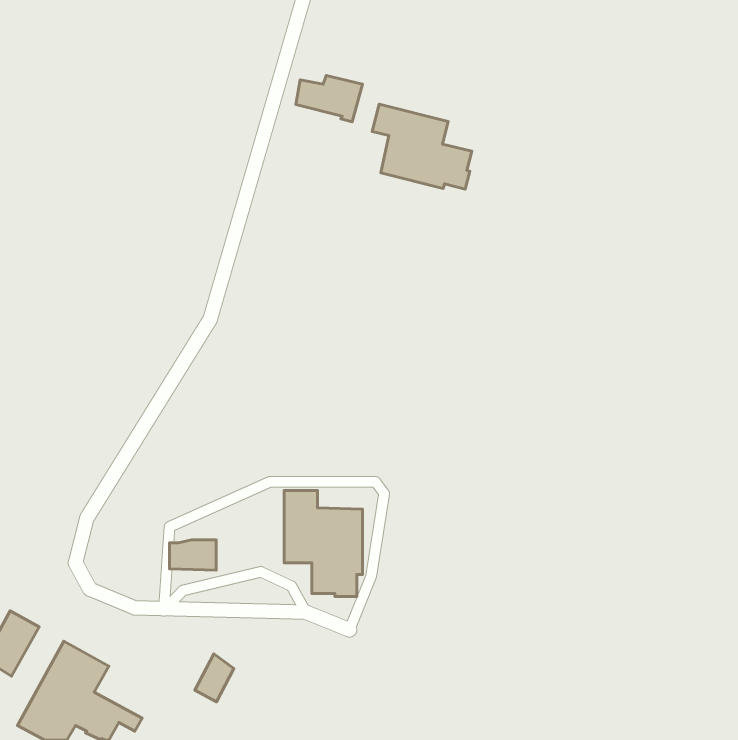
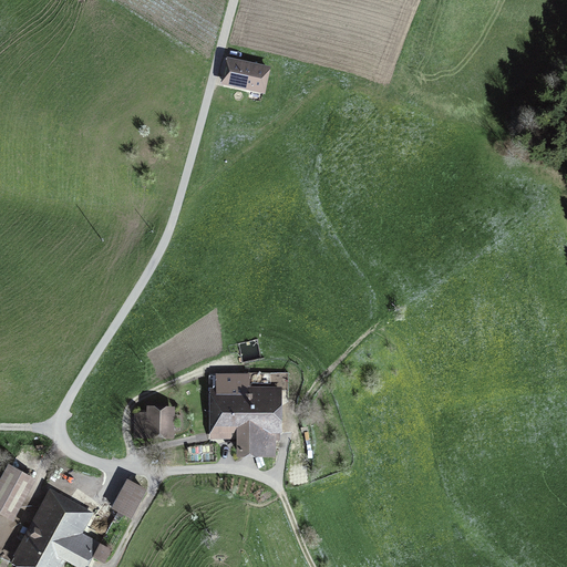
building: [372,104,472,189] -> none
building: [195,654,234,702] -> [113,480,143,516]

